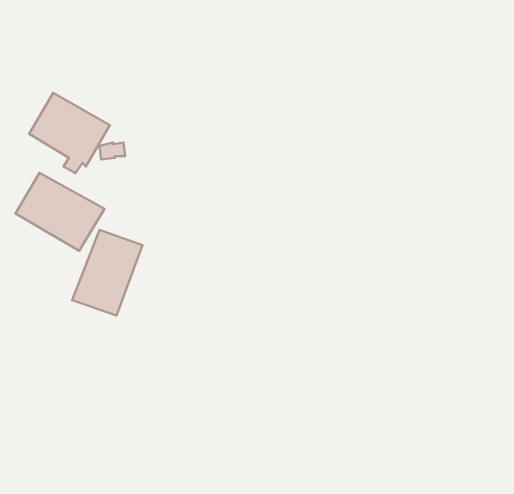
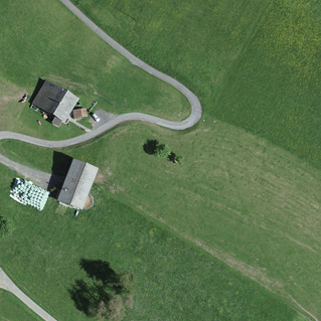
building: [16,173,105,251] -> none

